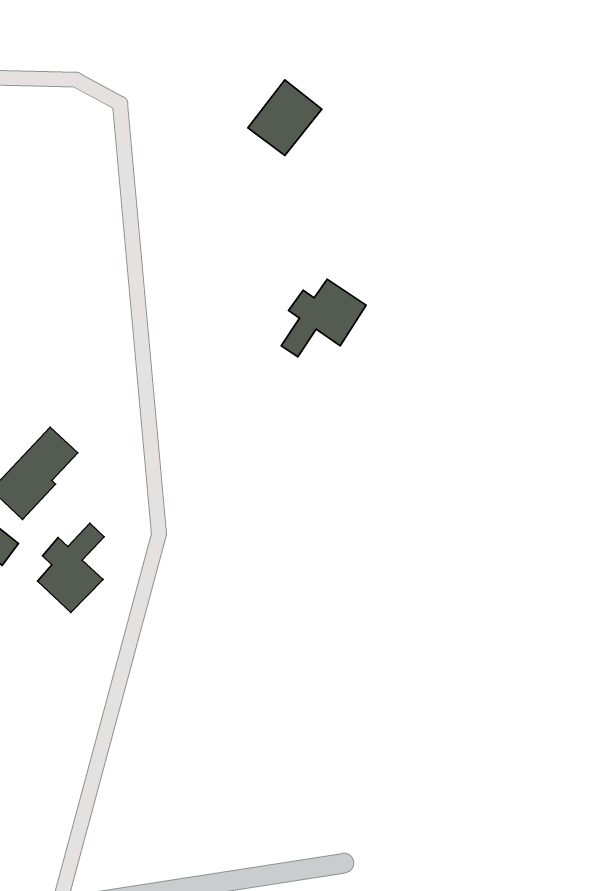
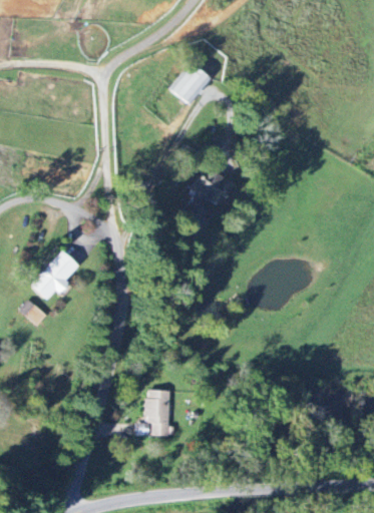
building: [37,523,104,612] -> none
building: none -> [135,390,169,436]

